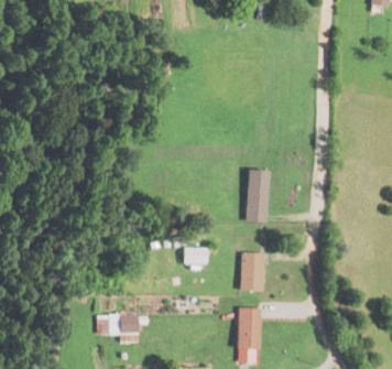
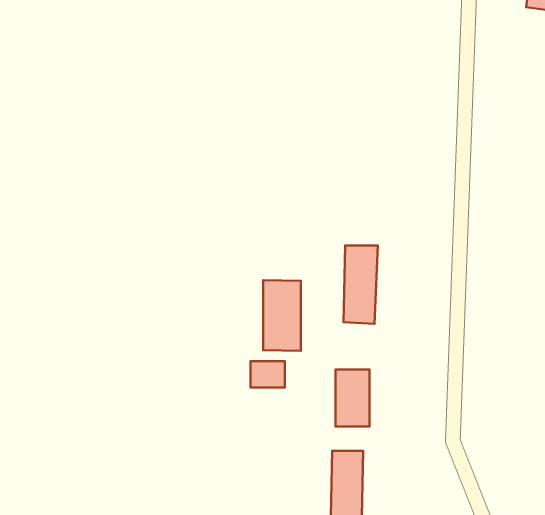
building: none -> [263,280,301,351]
building: [98,314,139,340] -> none

